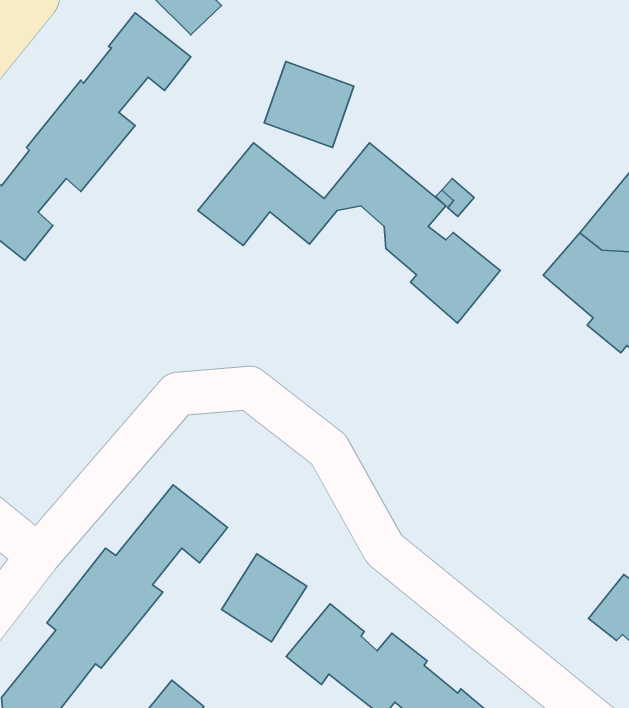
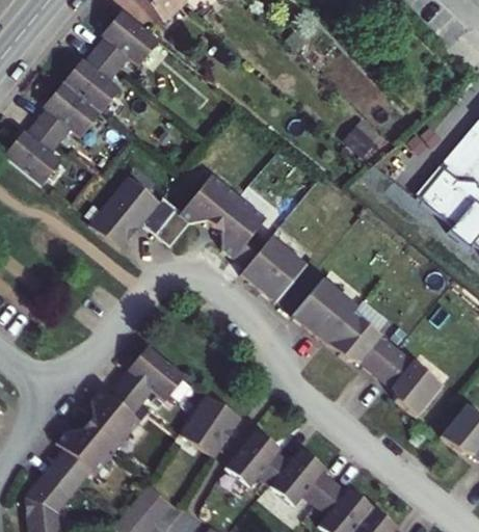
building: [264,62,354,148] -> none
building: [198,143,500,323] -> [91,175,305,302]
building: none -> [294,278,443,418]

